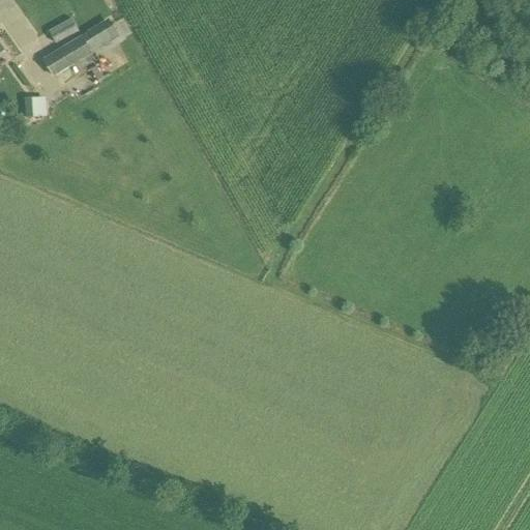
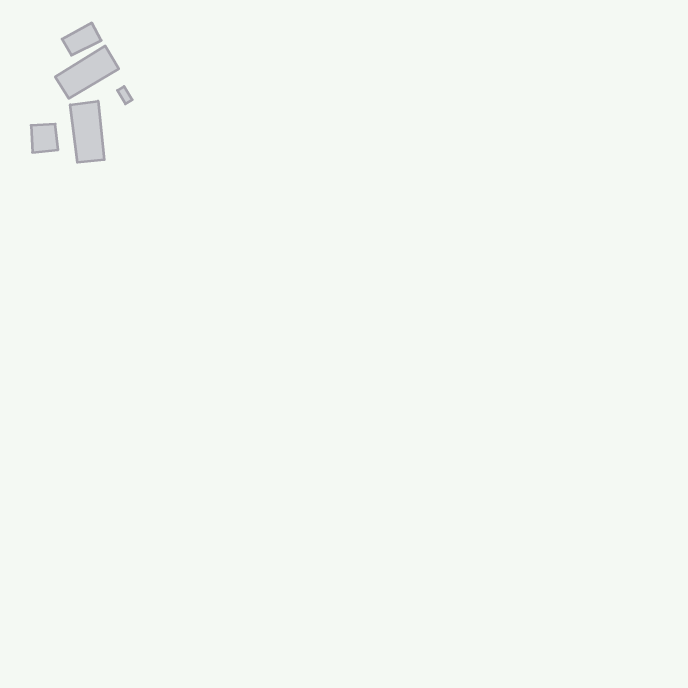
building: [87,20,119,51] -> none
building: none -> [70,101,104,162]

